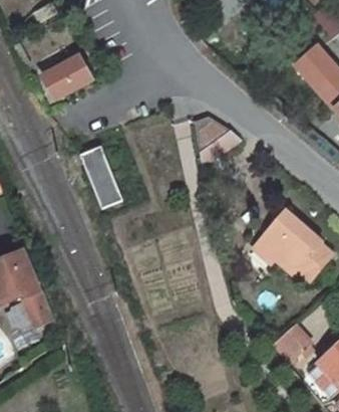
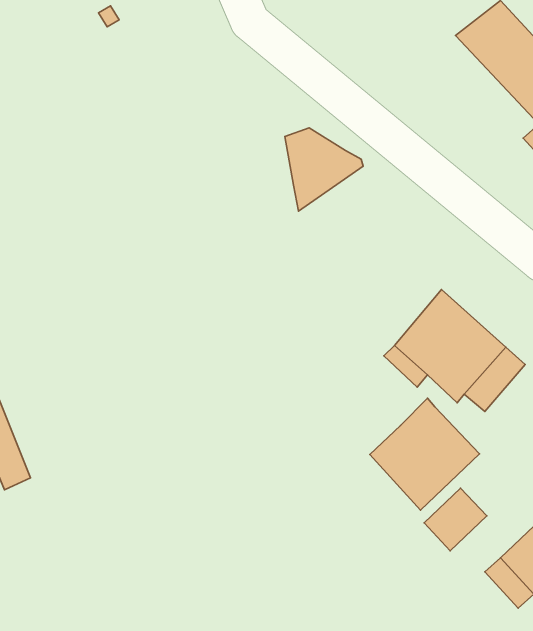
building: [43,55,90,96] -> none
building: [79,145,121,206] -> none
building: none -> [370,398,480,510]

